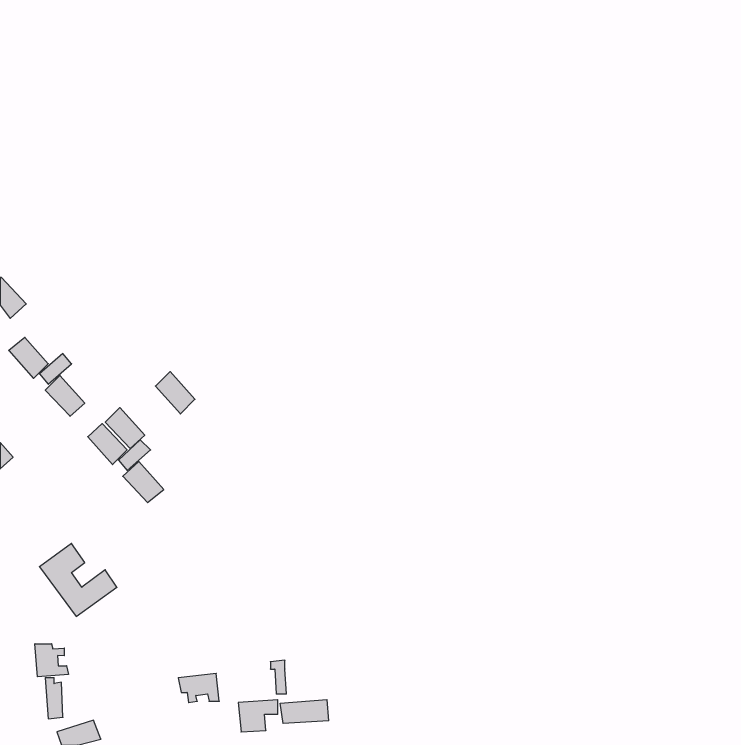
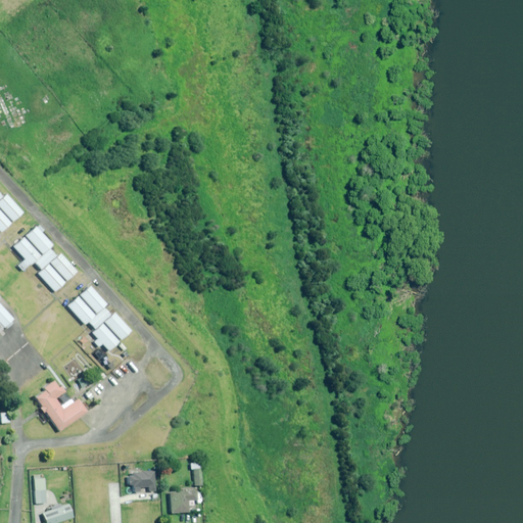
building: none -> [22,225,50,253]
building: none -> [47,251,76,280]
building: [155,372,195,414] -> [102,312,130,341]
building: [35,644,68,677] -> none
building: [280,700,329,723] -> none

